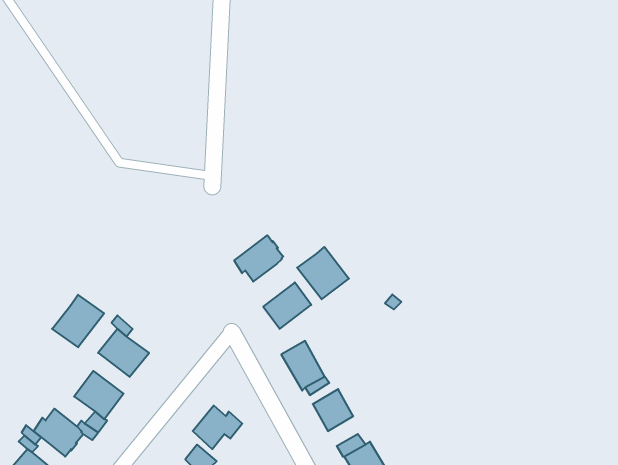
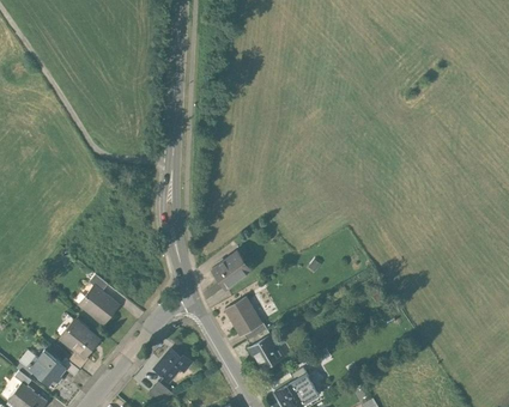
building: [234,235,283,282] -> none
building: [297,247,349,299] -> none
building: [52,295,104,347] -> none

